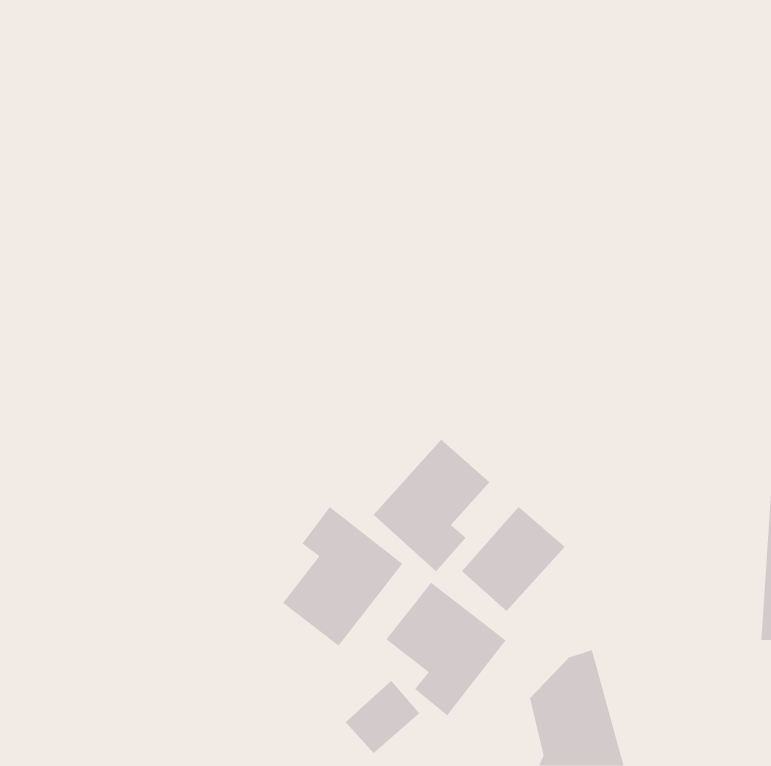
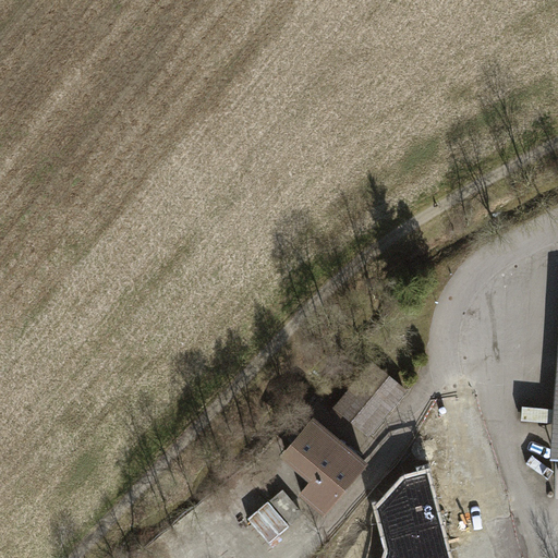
building: [373,439,490,572] -> none
building: [282,506,403,646] -> none

